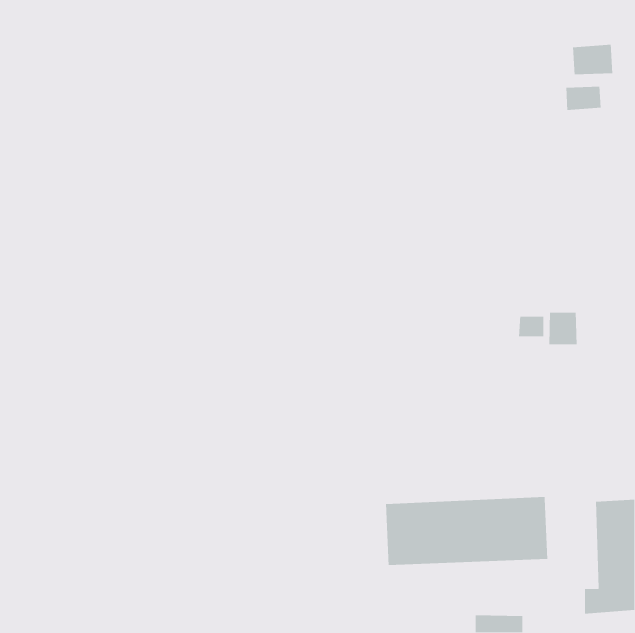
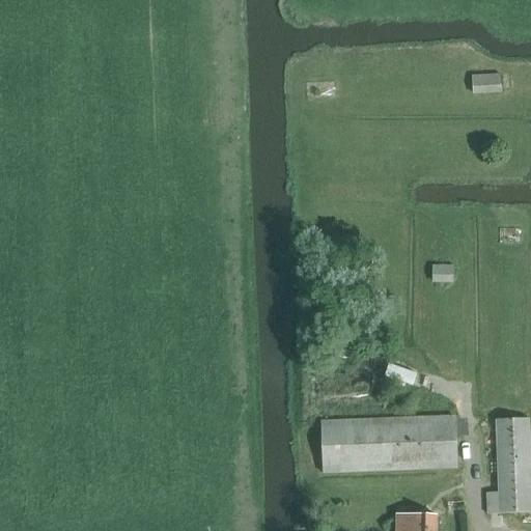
building: [572,44,613,75] -> none
building: [548,312,577,345] -> none

